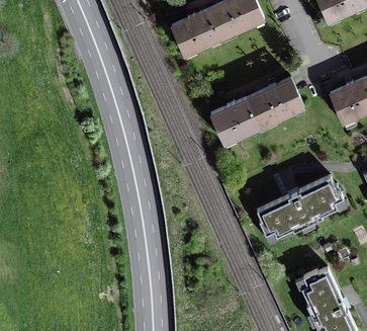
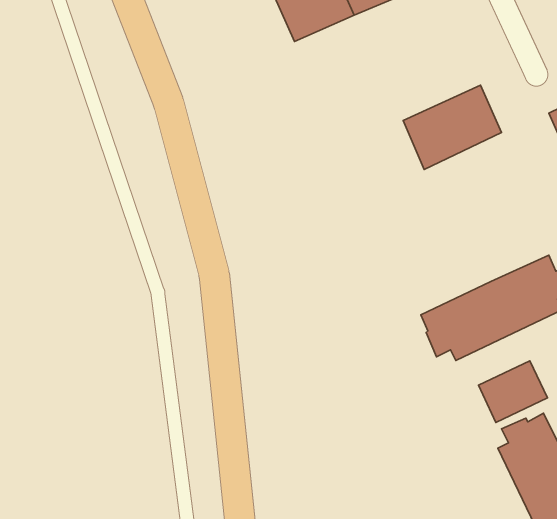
building: [210,98,258,142] -> none
building: none -> [478,361,547,422]

